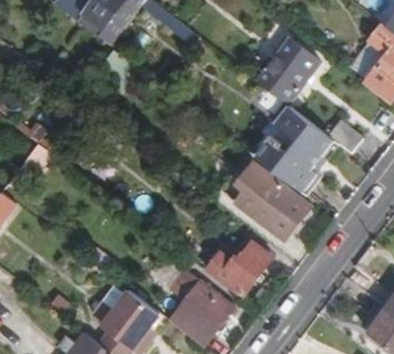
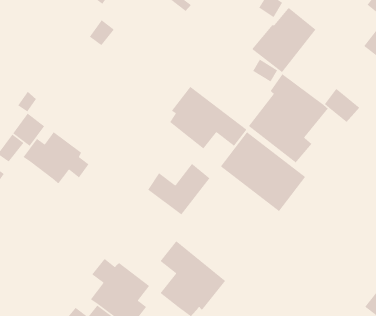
building: none -> [169,86,248,150]
building: none -> [23,131,90,184]
building: [208,242,269,294] -> [147,163,211,216]

